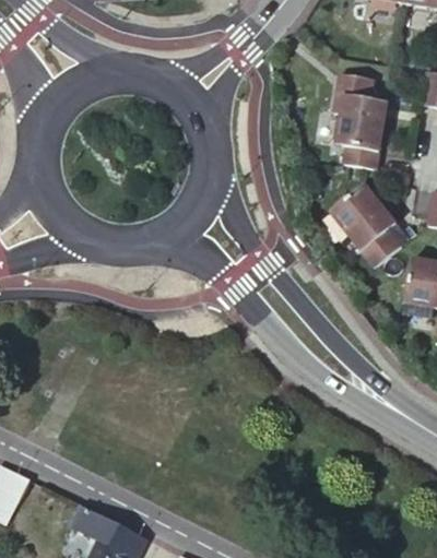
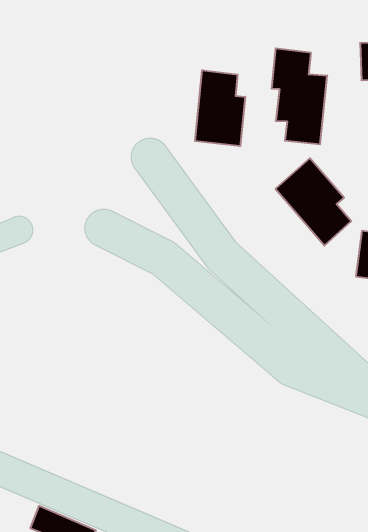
building: none -> [195,70,245,146]

